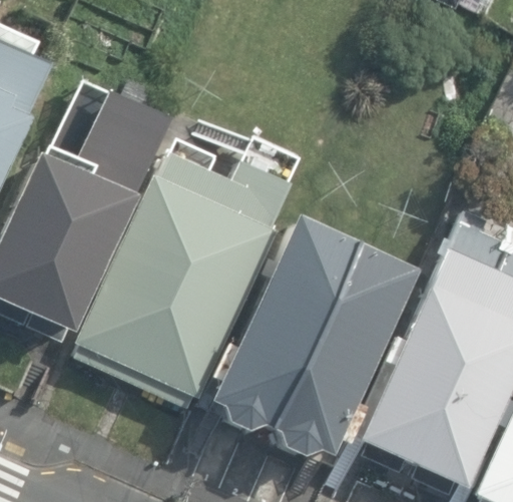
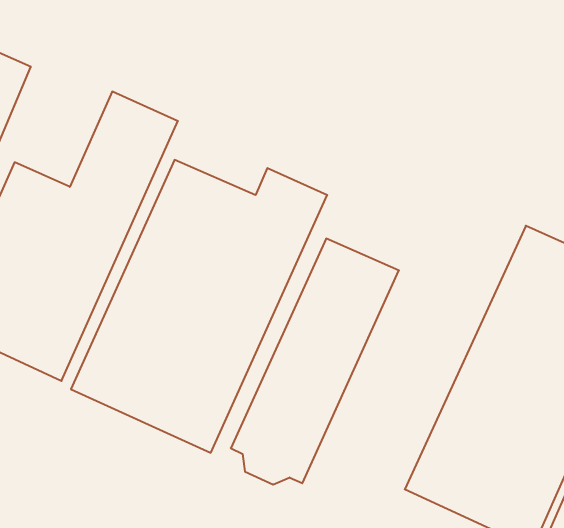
building: [275,246,419,458] -> none

